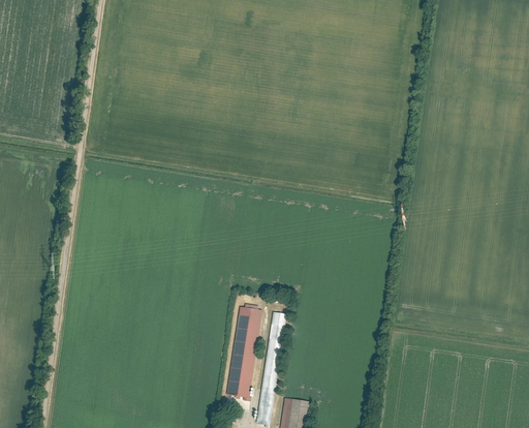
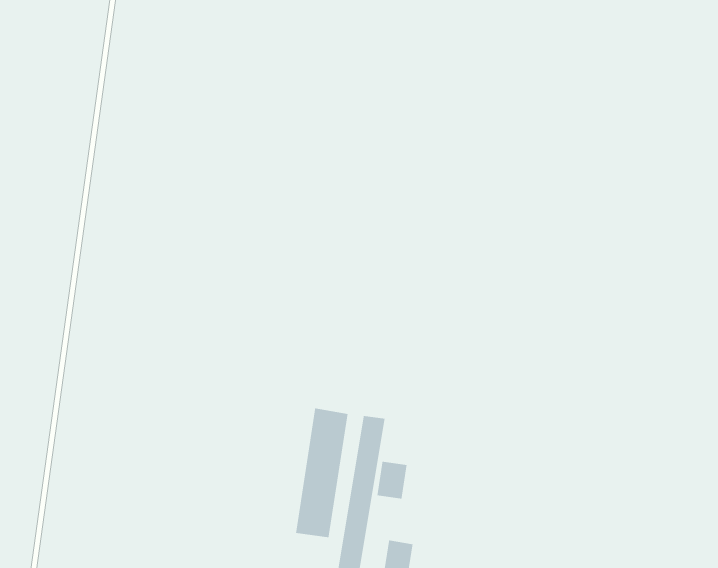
building: none -> [376,461,408,499]

